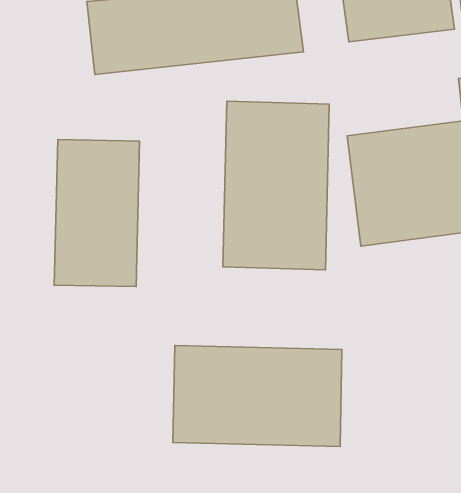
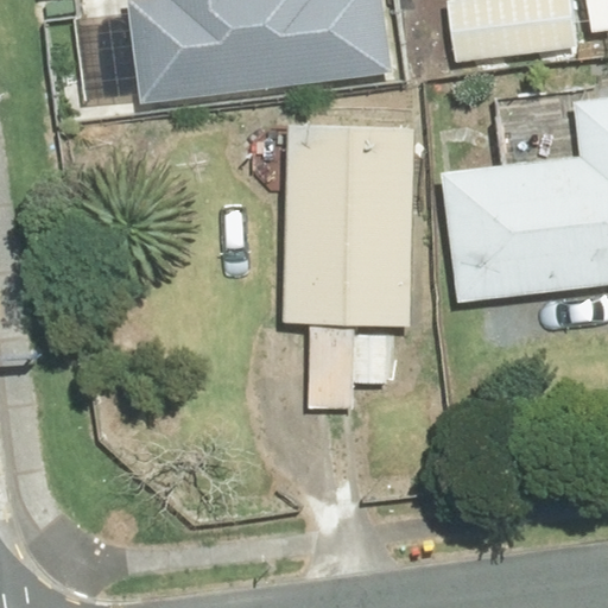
building: [54,140,140,287] -> none
building: [173,346,342,447] -> none

